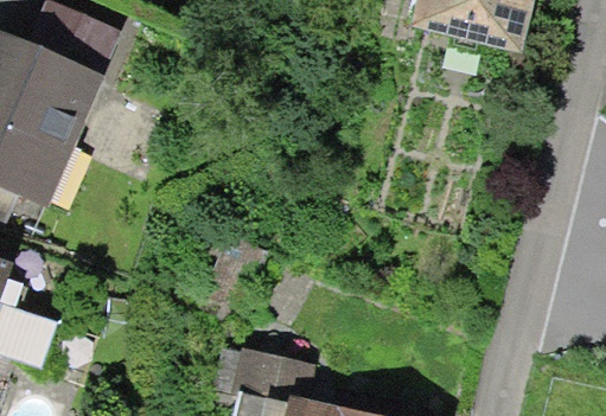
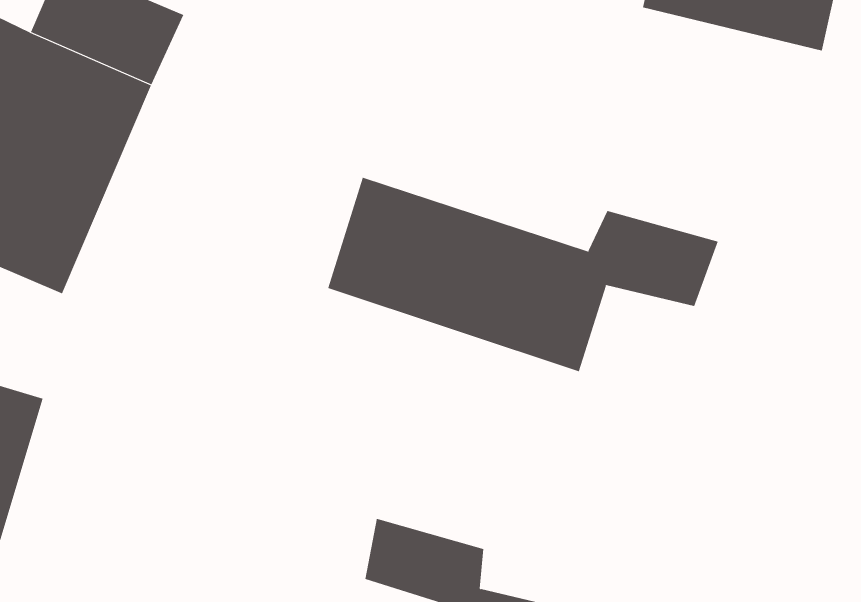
building: none -> [327,177,719,372]

